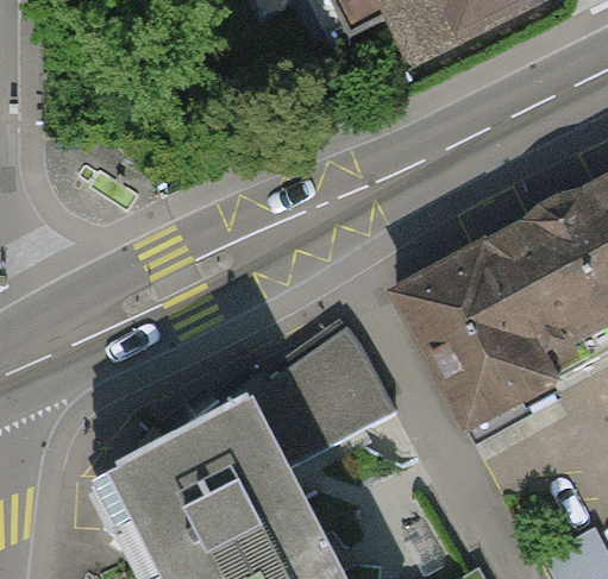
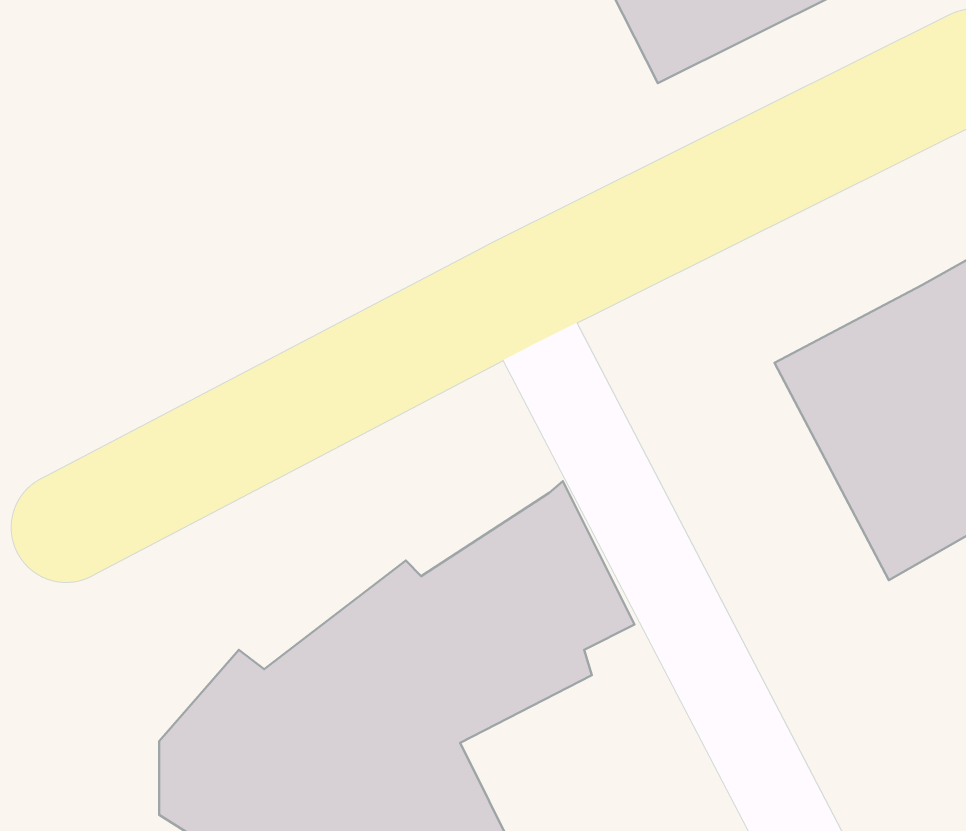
building: [395,246,551,424] -> none

